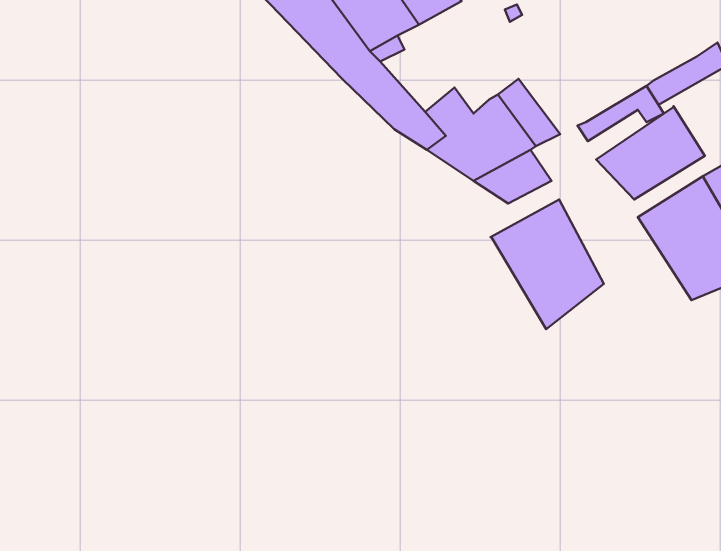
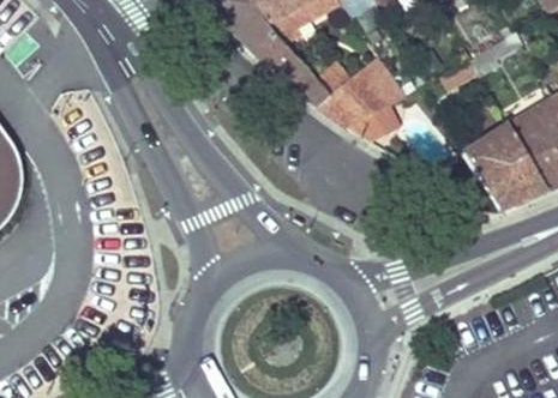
building: [596,106,705,200] -> none
building: [490,200,604,329] -> none

